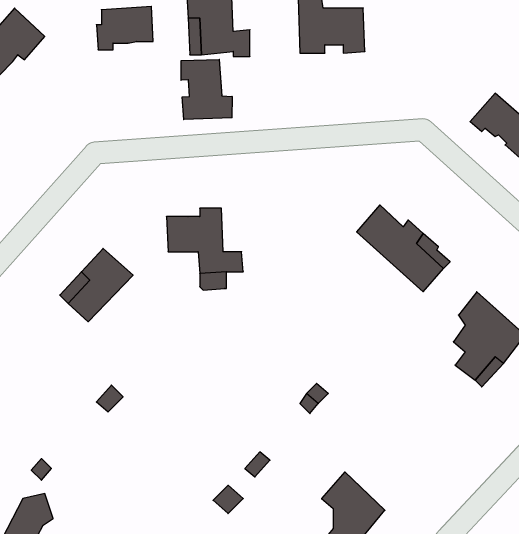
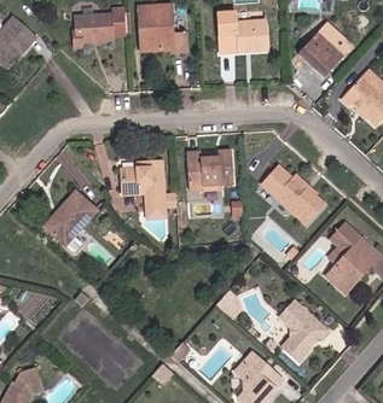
building: none -> [298,30,346,77]
building: [181,59,232,120] -> none
building: none -> [186,151,233,191]
building: none -> [273,298,325,357]

